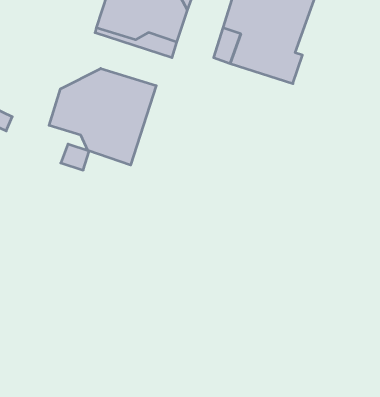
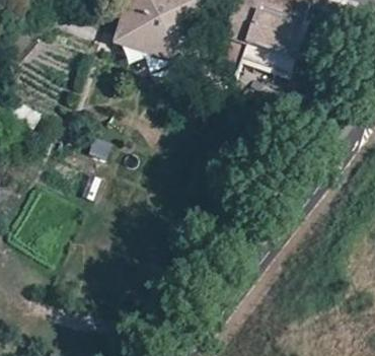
building: [49,68,156,165] -> none

